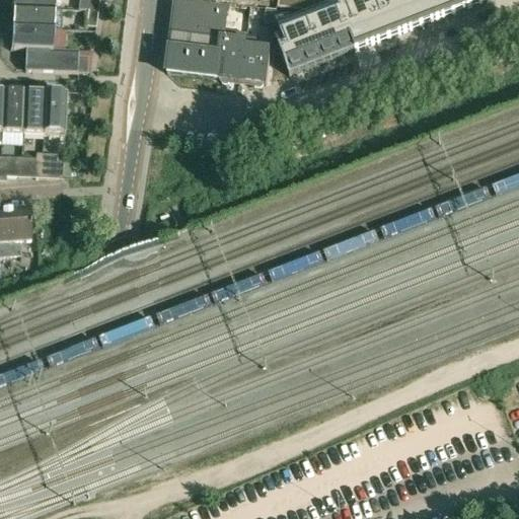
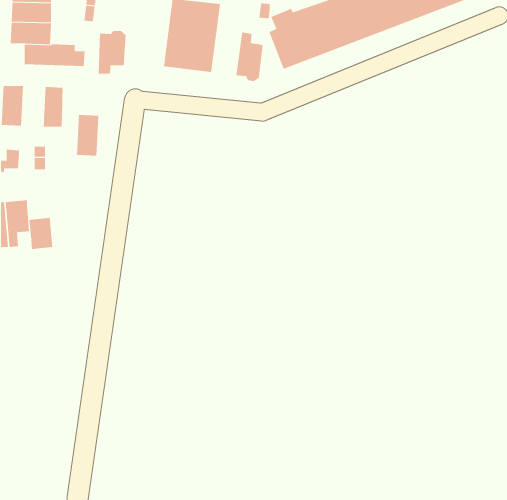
building: none -> [98,30,126,75]
building: [217,31,247,80] -> none
building: [23,87,47,130] -> [76,114,99,156]
building: none -> [29,217,53,250]

